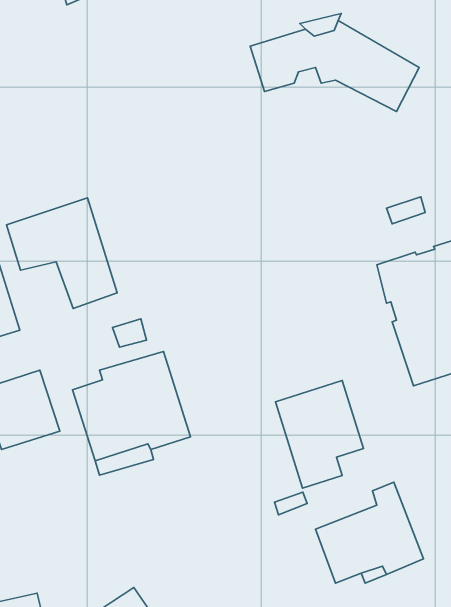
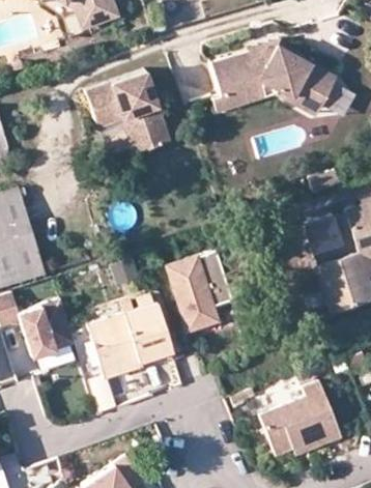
building: none -> [213,80,319,119]
building: [6,198,117,309] -> [86,71,167,152]
building: [275,380,363,488] -> [168,251,232,329]

